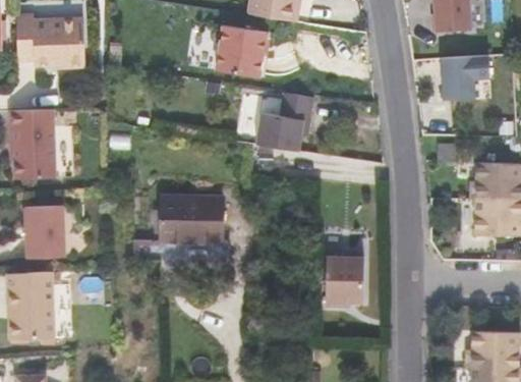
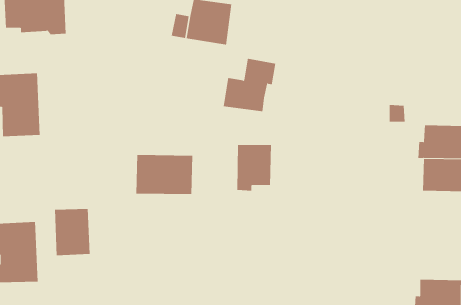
building: [441,53,490,98] -> none
building: [26,204,66,256] -> [54,209,90,256]
building: [327,257,365,308] -> [236,145,272,191]

